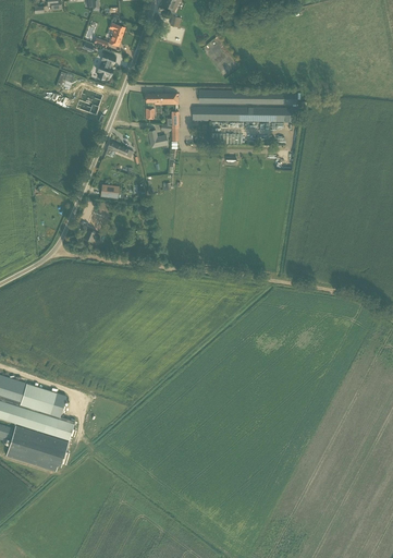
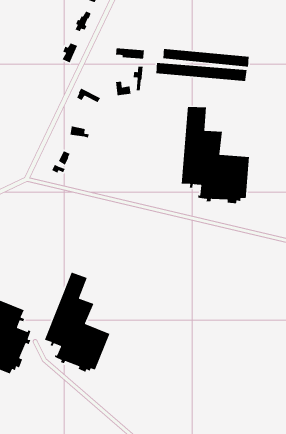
building: none -> [181,106,250,204]
building: none -> [44,272,110,373]

